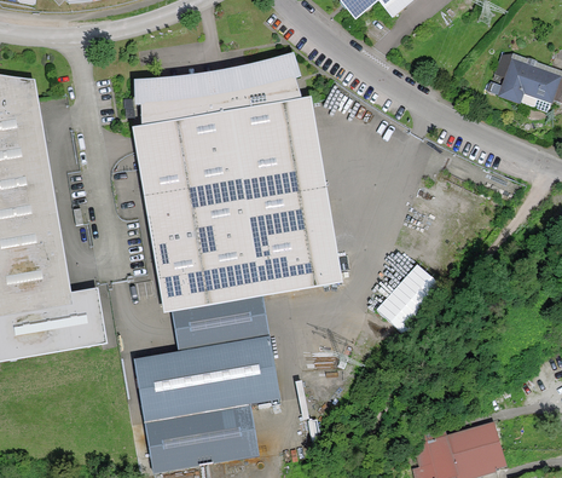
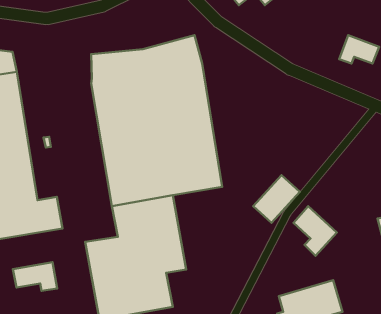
building: none -> [294,206,337,256]
building: none -> [13,262,57,291]

